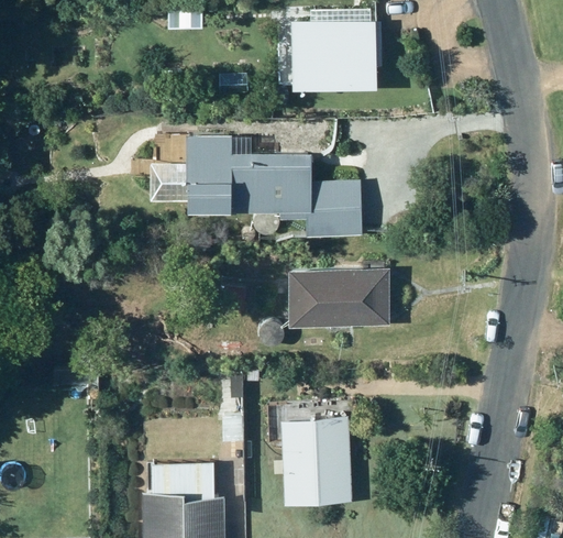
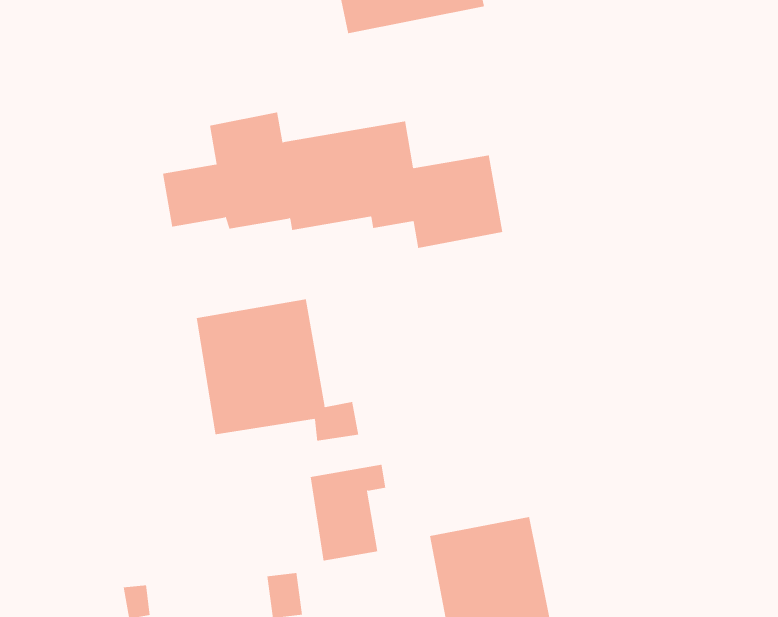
building: none -> [196,299,359,441]
building: [289,266,390,325] -> none

